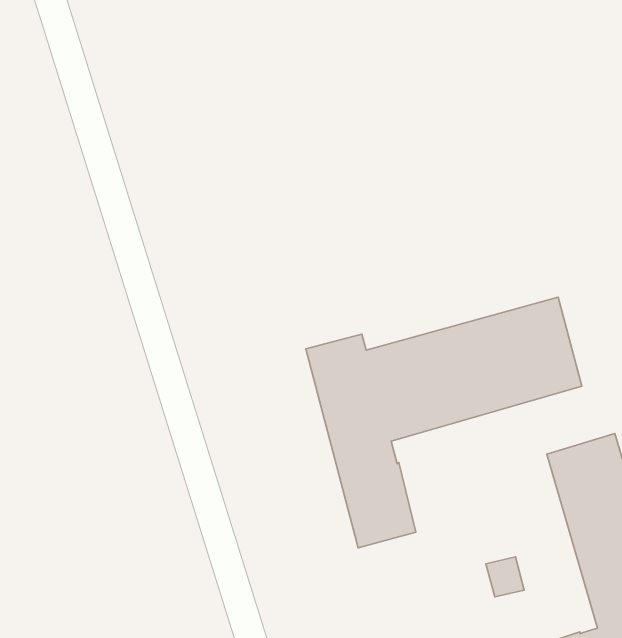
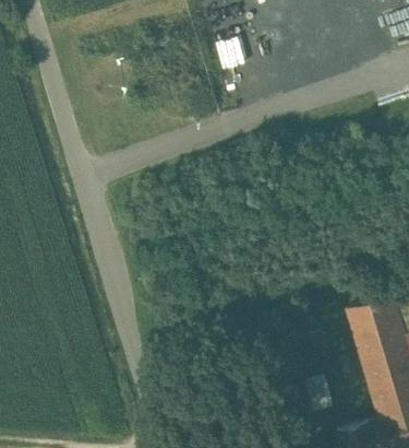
building: [306,297,582,548] -> none

